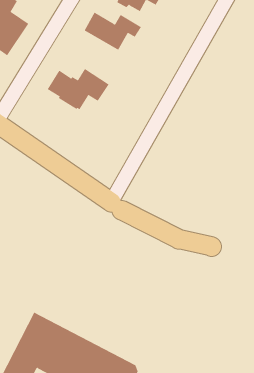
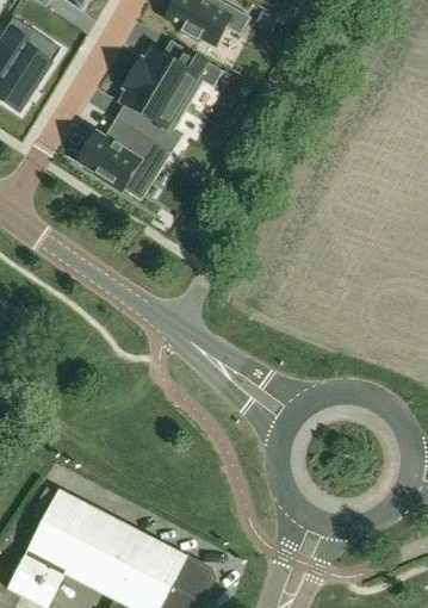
building: none -> [117,73,184,149]

